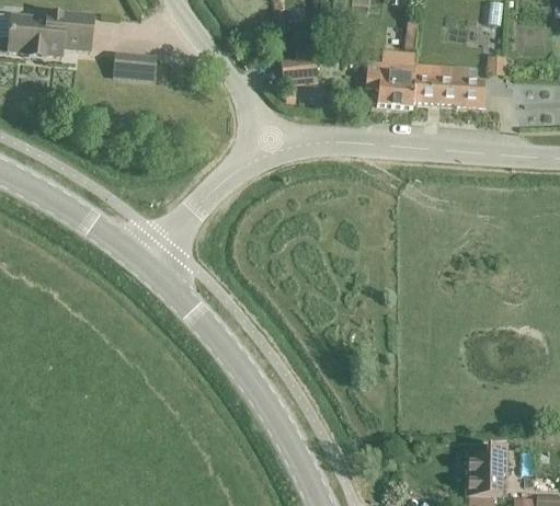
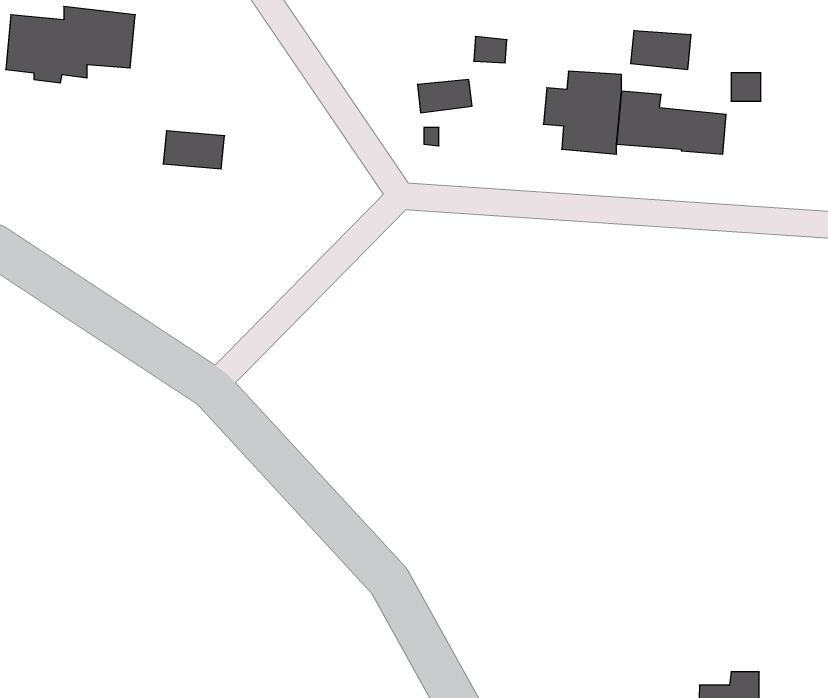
building: none -> [631,30,691,70]
building: [114,54,155,79] -> [163,131,225,169]

